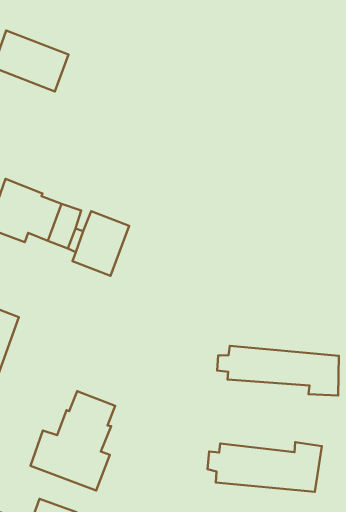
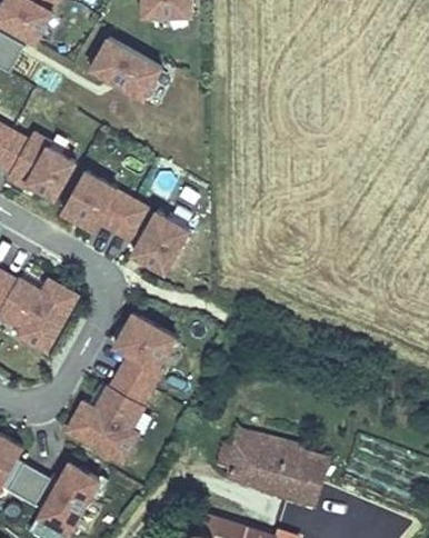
building: none -> [112,313,173,391]
building: [217,346,339,396] -> none

